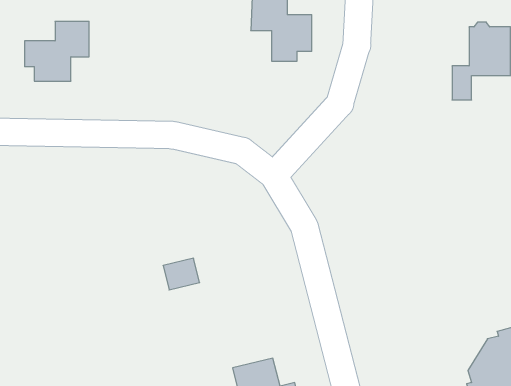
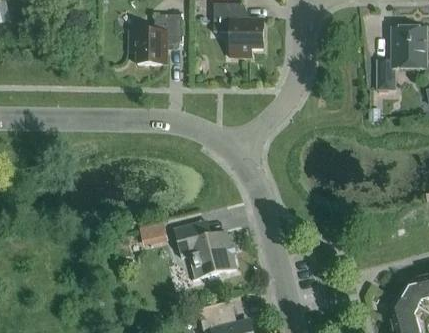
building: [25,21,89,81] -> [129,14,182,63]
building: none -> [174,221,236,278]

